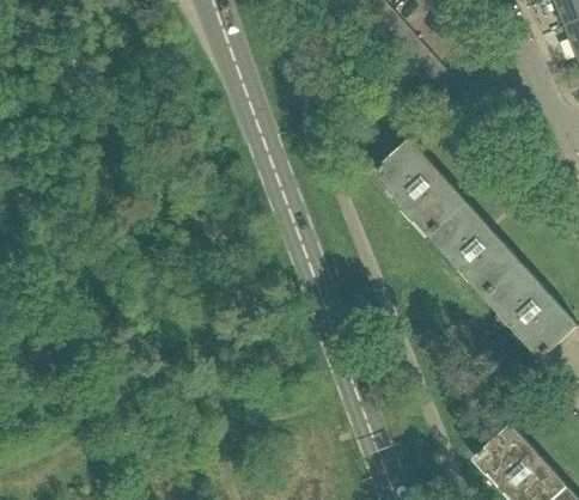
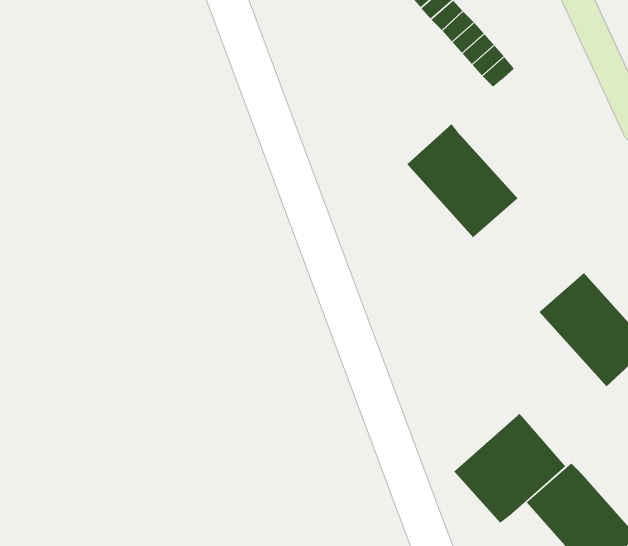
building: [428,201,522,297] -> none
building: none -> [454,413,566,524]

